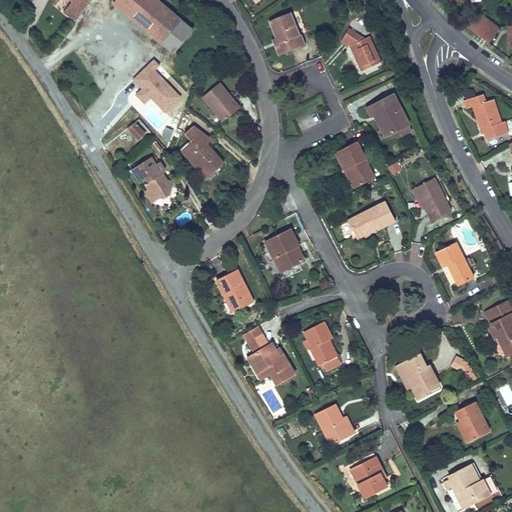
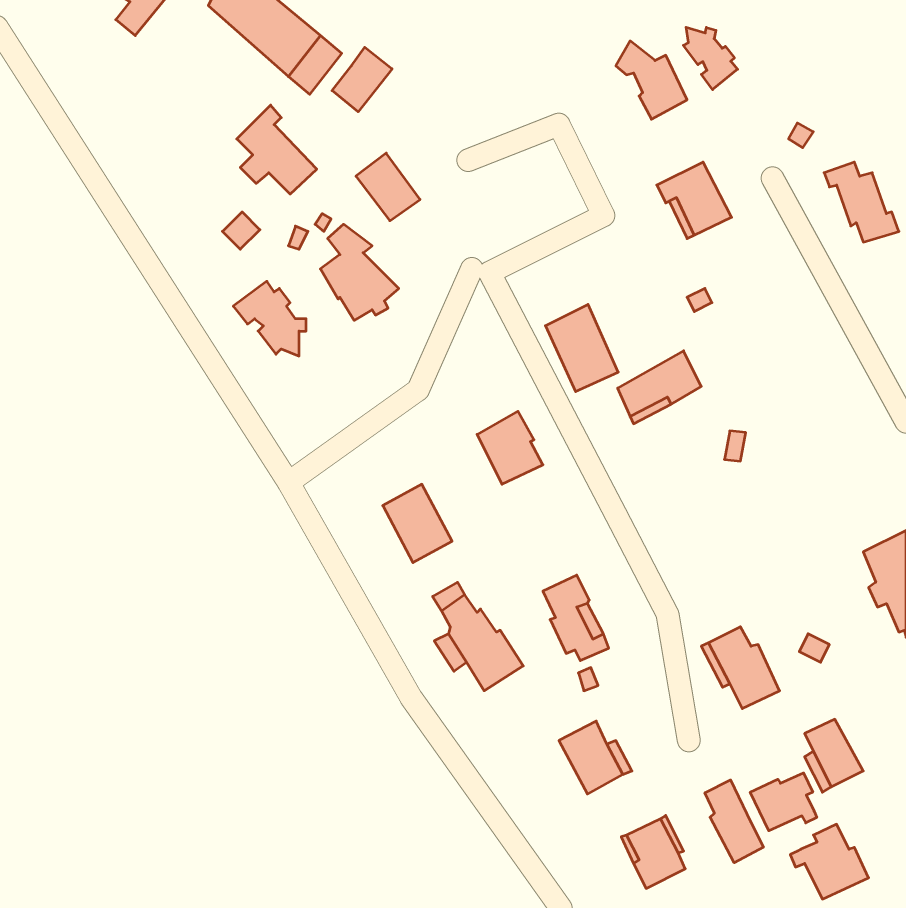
building: [273,12,308,52] -> none
building: [466,12,499,44] -> none
building: none -> [683,27,738,90]
building: none -> [332,47,392,112]
building: [333,142,374,191] -> [545,304,618,392]
building: [414,176,451,219] -> none
building: [435,241,473,284] -> none
building: none -> [750,773,817,831]
building: none -> [705,780,763,863]

